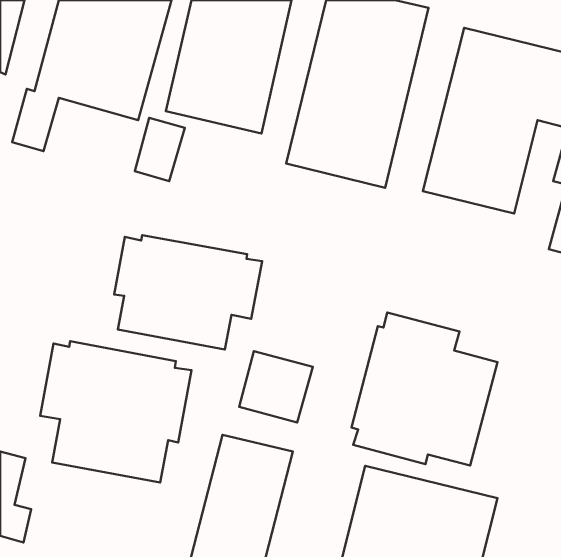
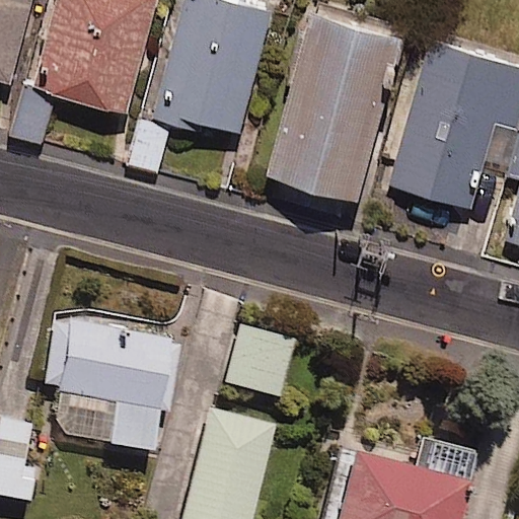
building: [114,235,262,349] -> none
building: [351,312,497,466] -> none

